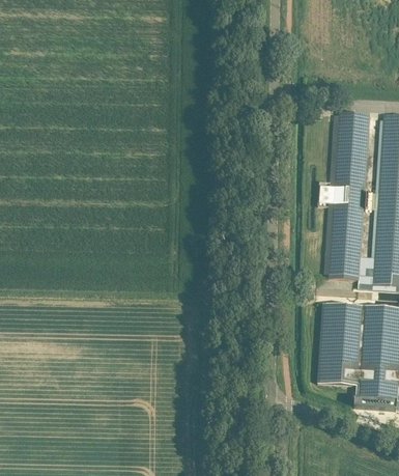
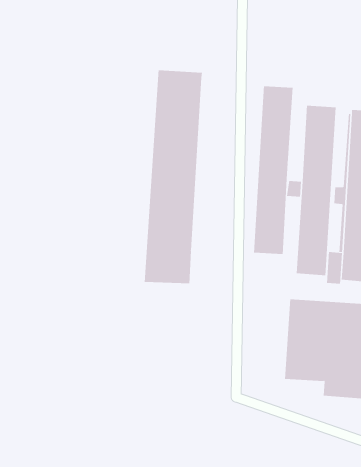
building: none -> [144,70,203,284]
building: none -> [253,86,293,255]

